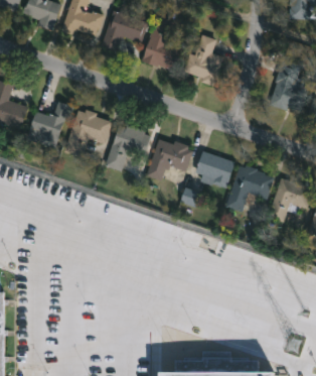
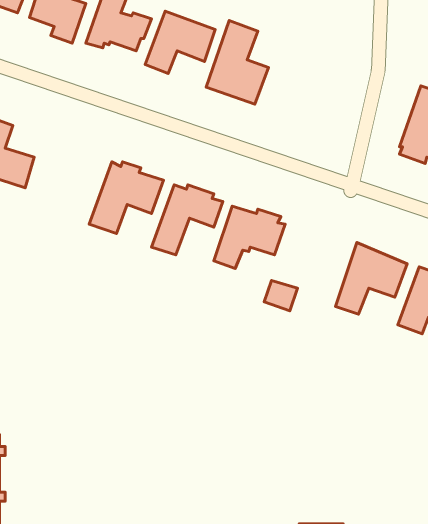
building: [183,35,223,86] -> none
building: [28,101,73,141] -> none
building: [196,151,236,189] -> none

